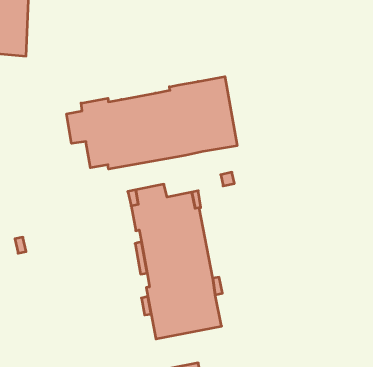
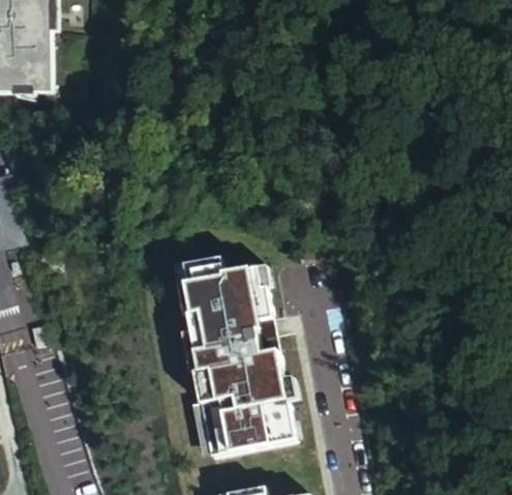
building: [67,77,237,169] -> none

